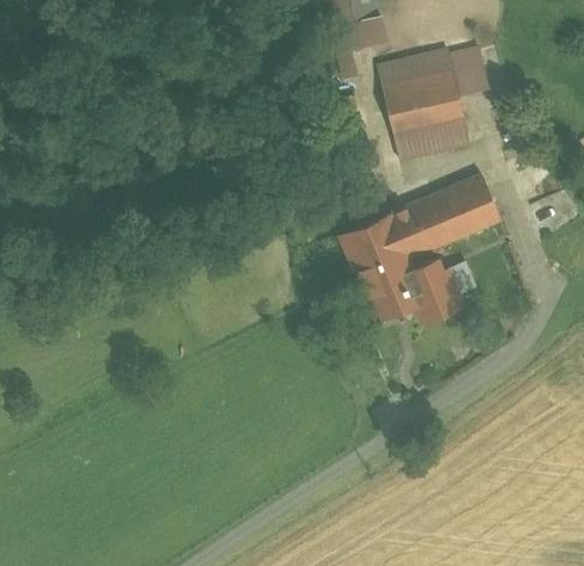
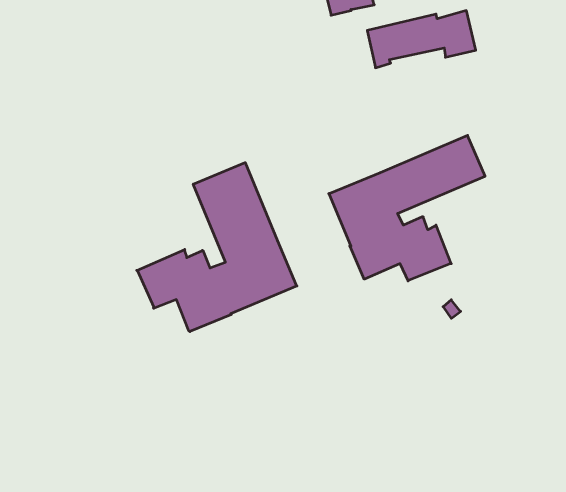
building: [387,86,470,160] -> none
building: none -> [137,163,297,332]

